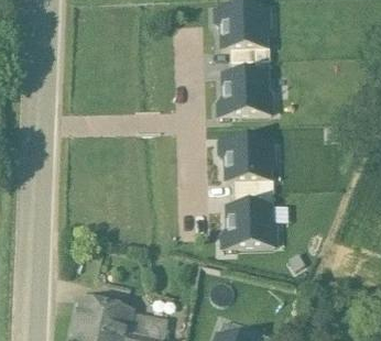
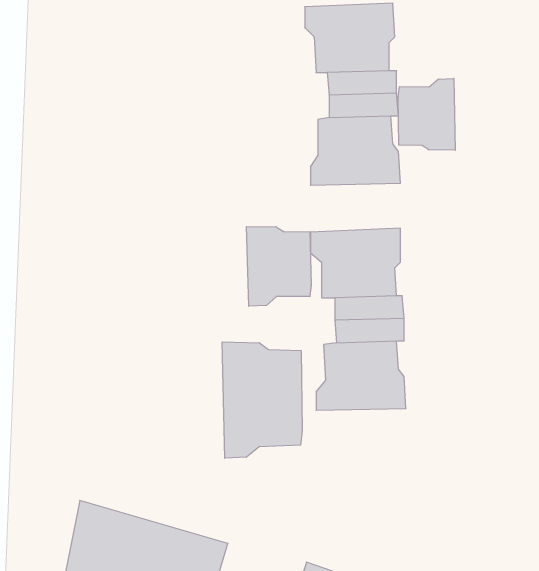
building: none -> [398,78,455,150]
building: none -> [246,227,311,306]
building: none -> [222,342,302,458]

